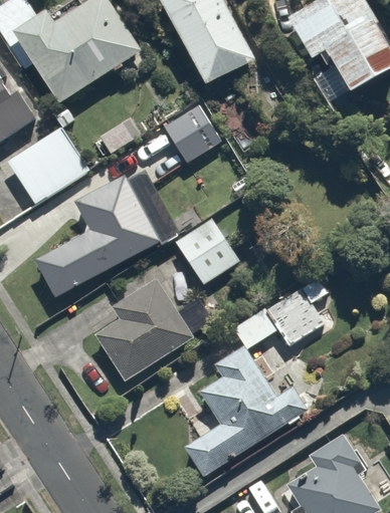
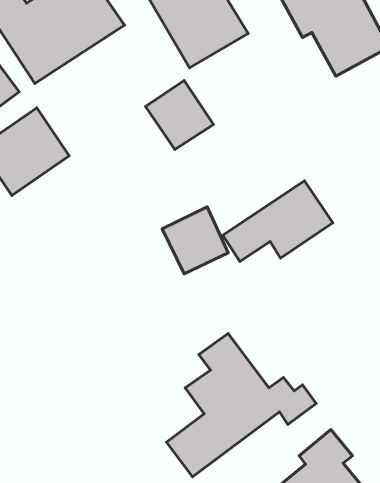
building: [33,163,179,298] -> none
building: [234,274,340,351] -> [223,181,333,261]
building: [92,277,194,384] -> none

